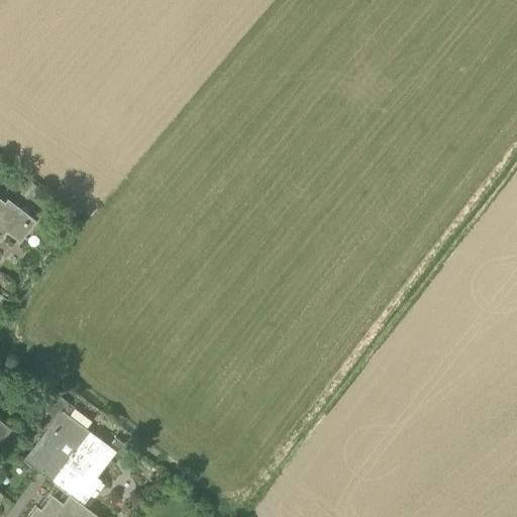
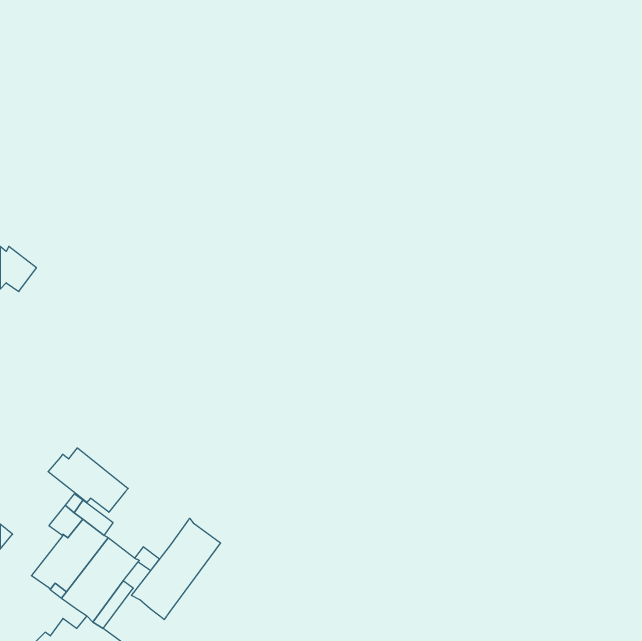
building: none -> [48,448,128,512]
building: none -> [132,518,221,620]

